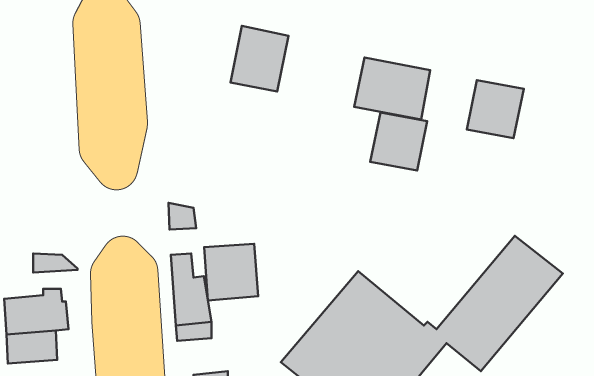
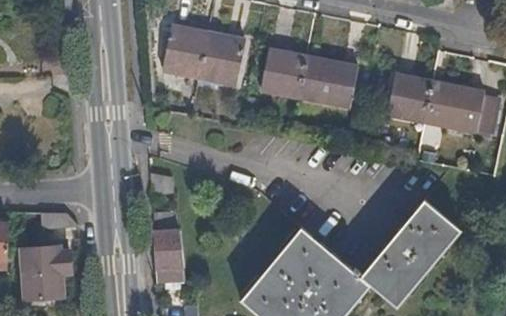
building: none -> [163,27,209,79]
building: none -> [424,84,483,133]
building: [370,112,427,171] -> [261,52,306,98]
building: [204,244,258,300] -> none

